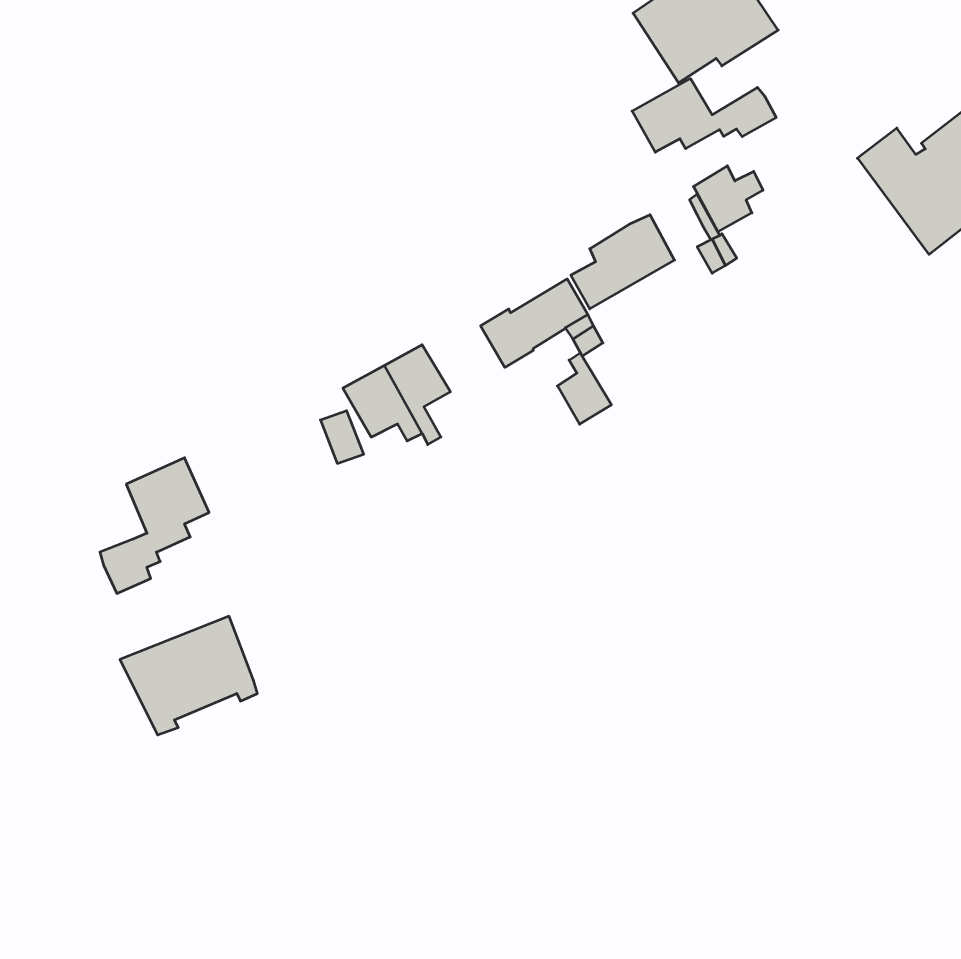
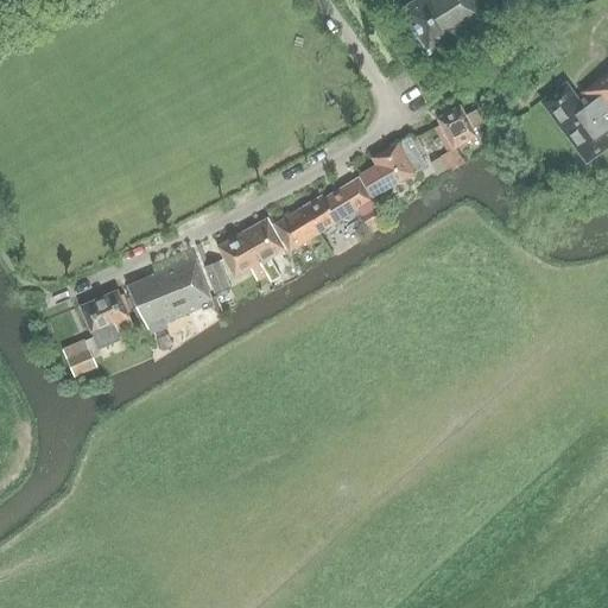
building: [632,79,776,152] -> none
building: none -> [274,205,319,253]
building: [557,353,611,424] -> none
building: [120,616,257,735] -> [127,256,214,331]

